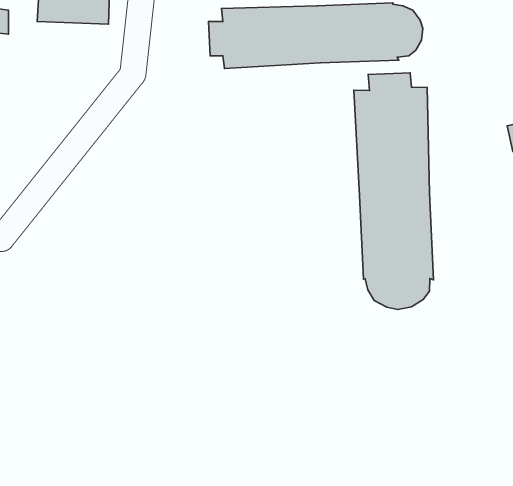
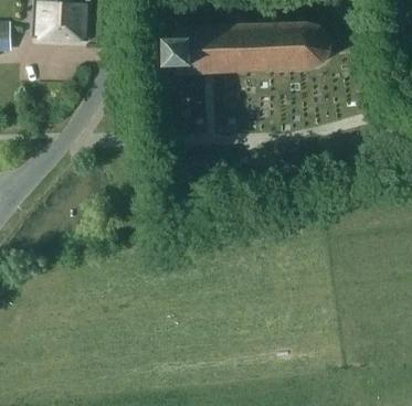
building: [354,73,434,310] -> none

